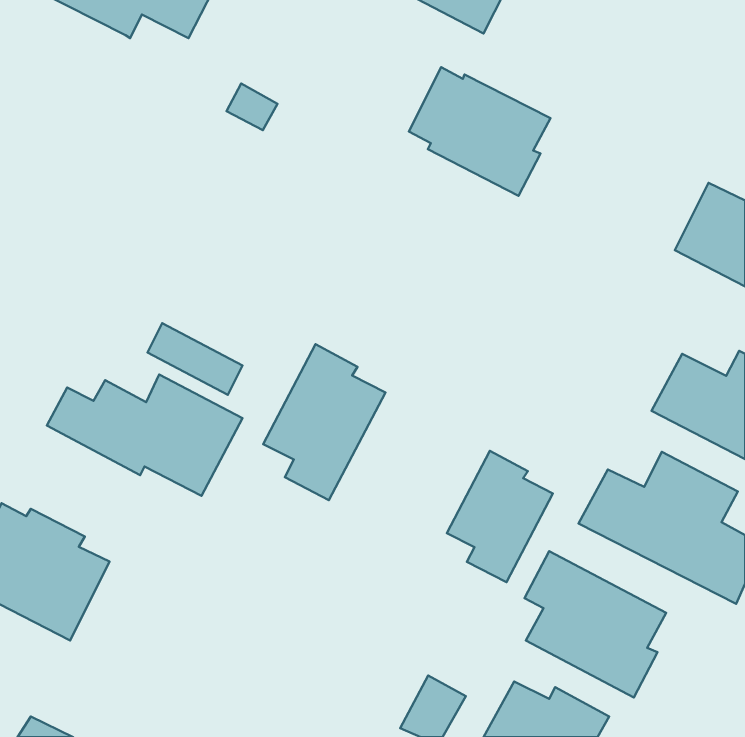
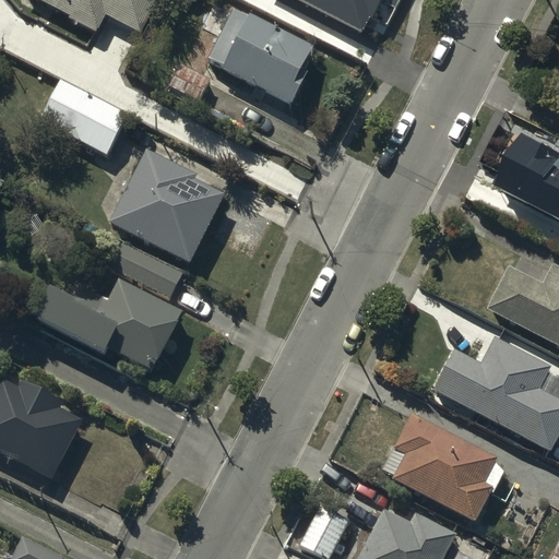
building: [409,67,551,196] -> [209,7,314,103]
building: none -> [40,78,126,151]
building: none -> [109,150,225,263]
building: [263,344,385,500] -> none
building: [447,451,553,582] -> none

